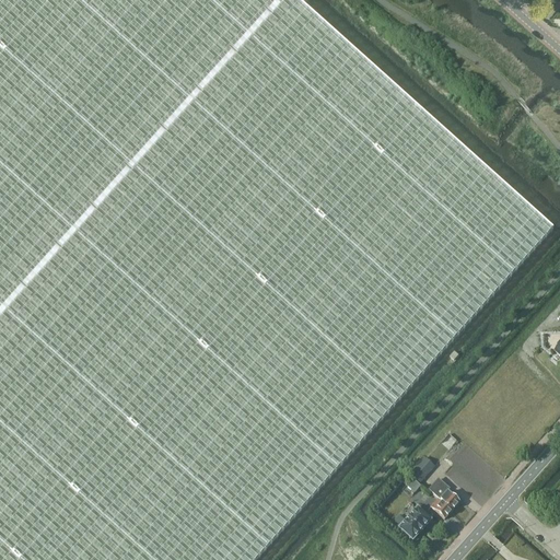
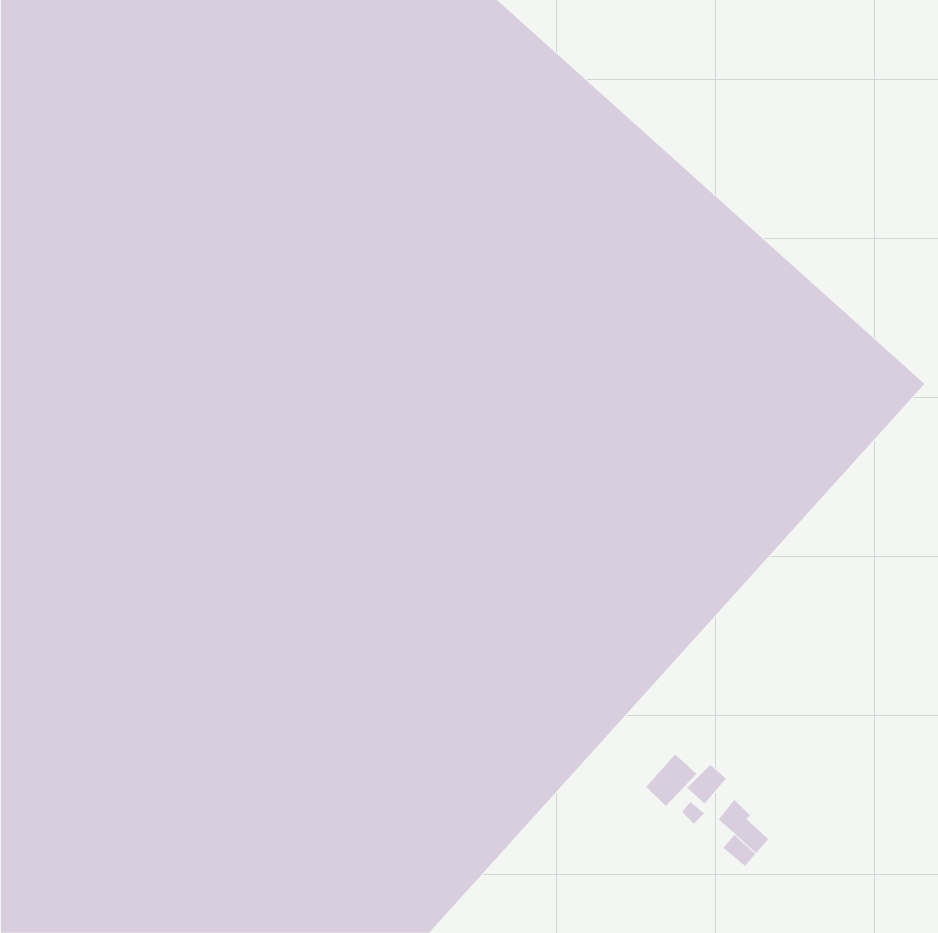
building: [399,506,430,538] -> [646,754,697,807]

